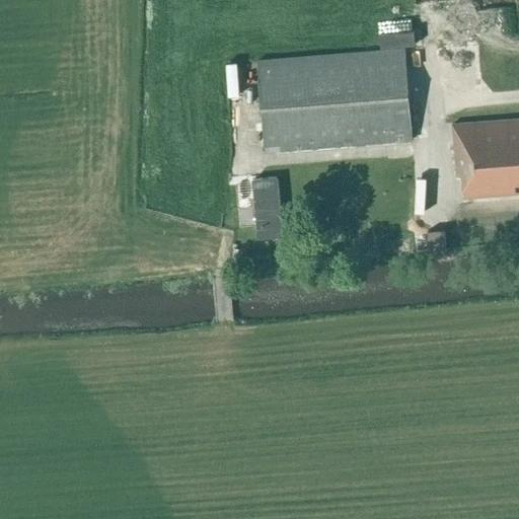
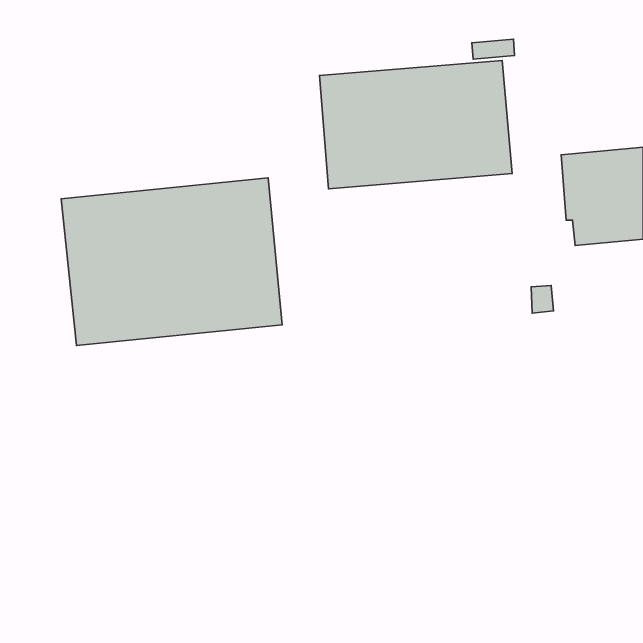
building: none -> [61,178,282,345]
building: [251,177,284,239] -> none

